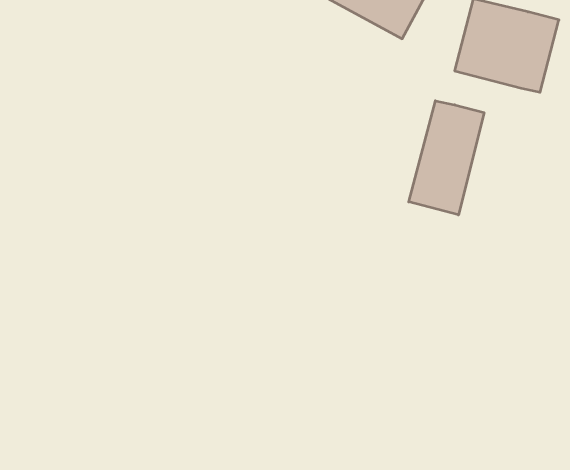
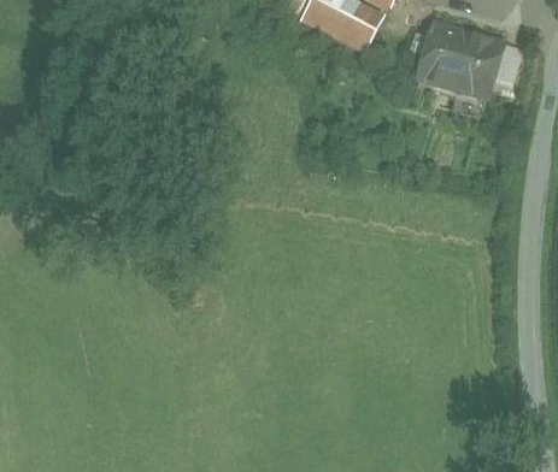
building: [409,101,484,215] -> none

